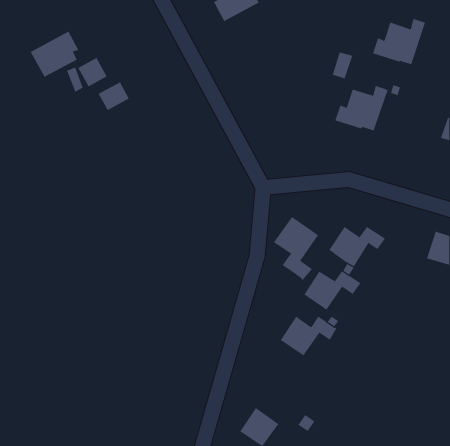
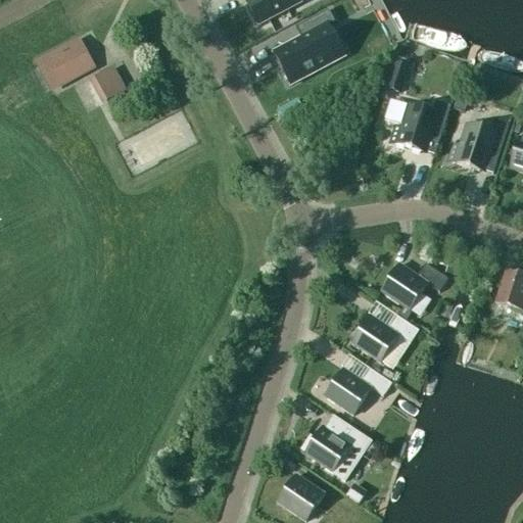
building: none -> [273,7,344,83]
building: [372,18,426,65] -> [446,117,509,172]
building: [98,81,130,111] -> none
building: [273,215,319,281] -> none
building: none -> [302,413,371,480]

